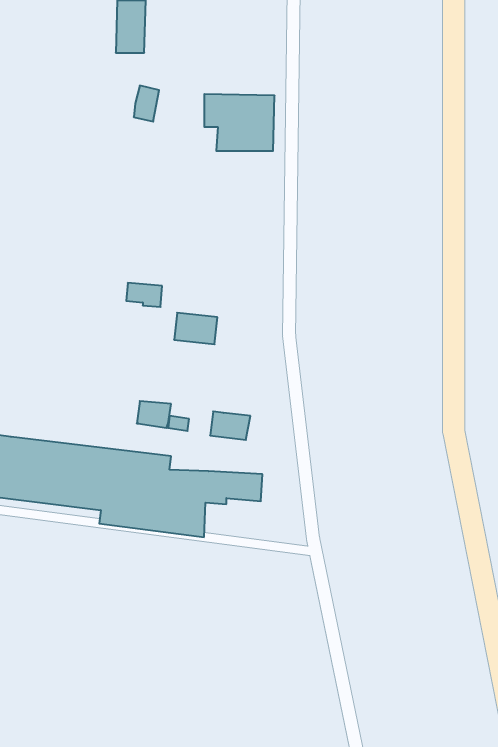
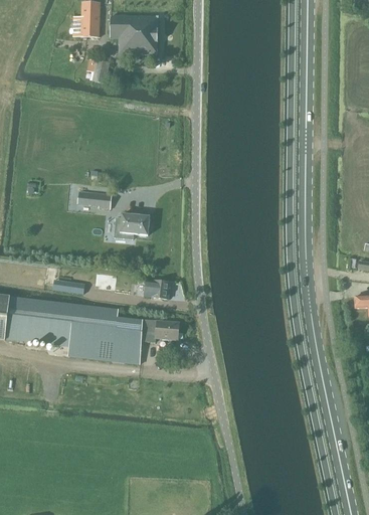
building: [204,94,275,151] -> [111,15,158,53]

